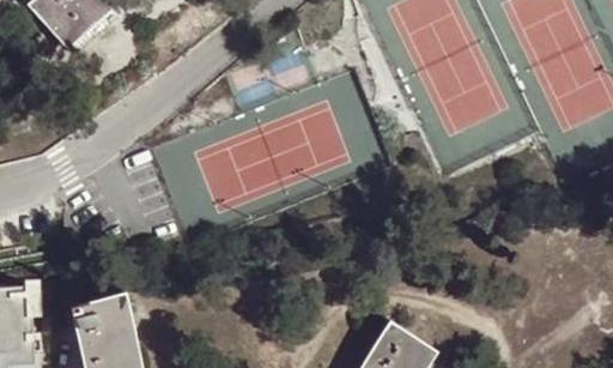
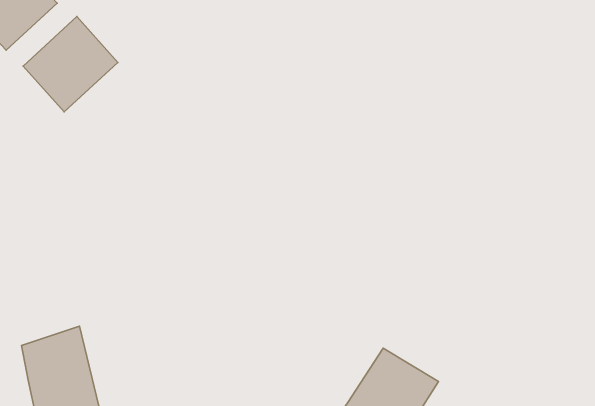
building: none -> [23,17,118,112]

